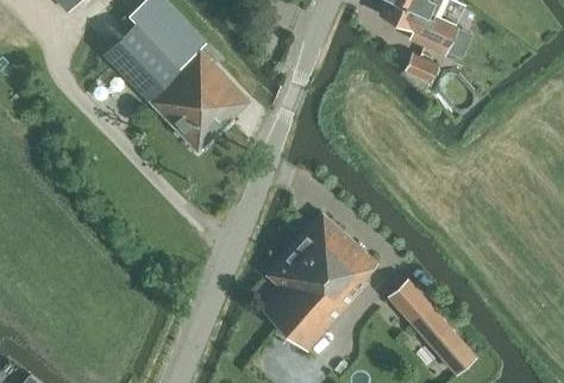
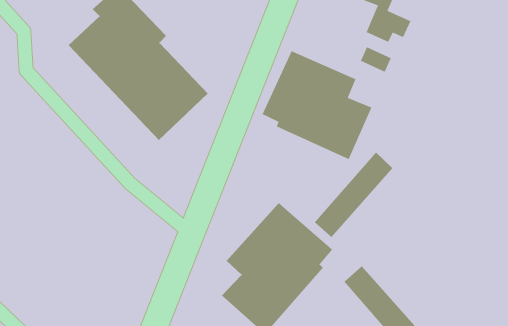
building: none -> [262,50,373,160]
building: none -> [314,151,393,238]

